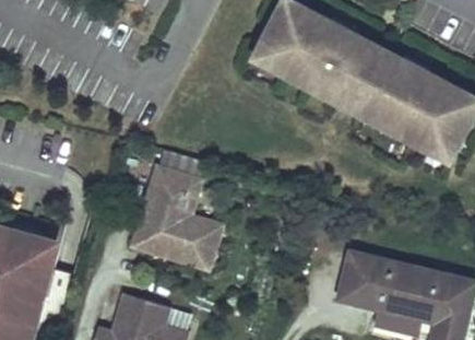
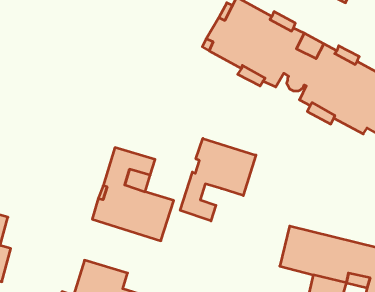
building: none -> [180,138,256,221]

